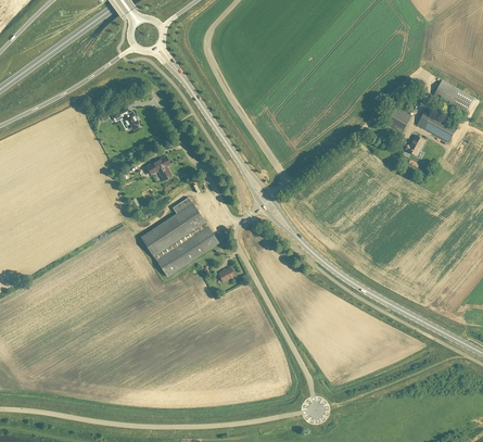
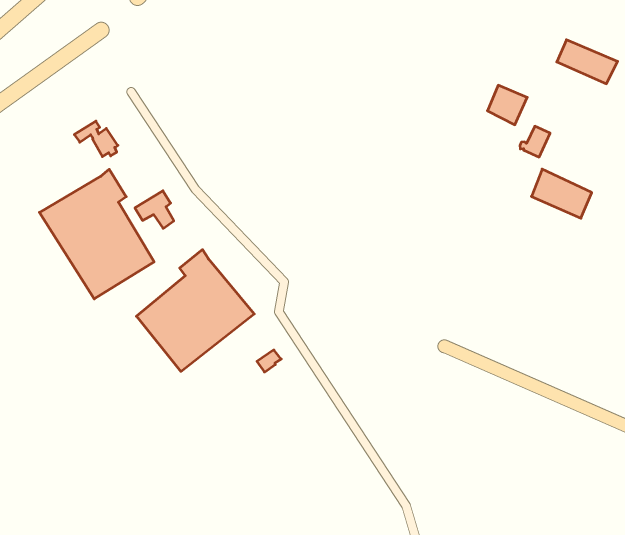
building: [416,108,456,142] -> [531,169,592,218]
building: none -> [39,169,154,299]

